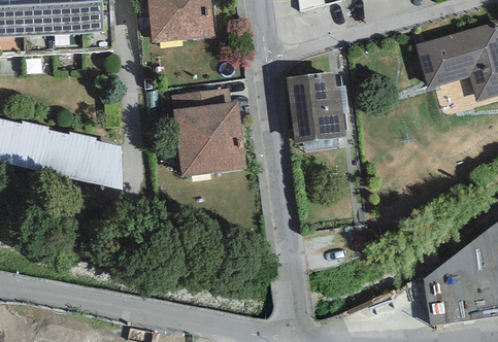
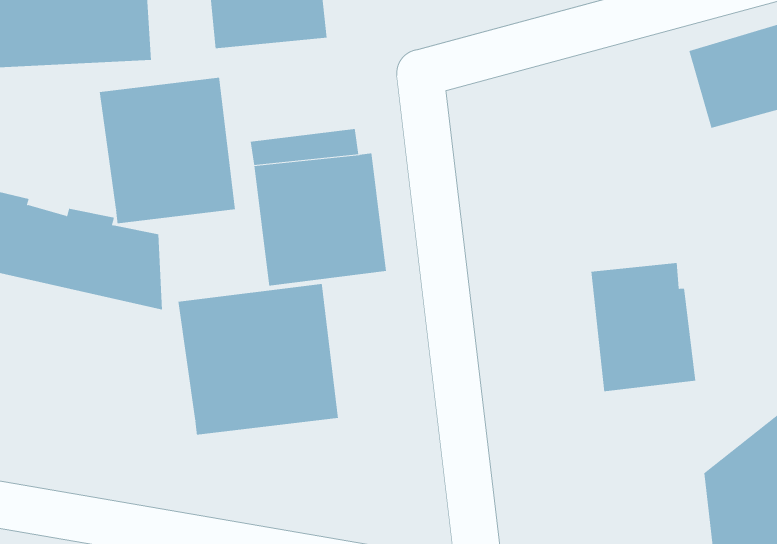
building: none -> [99,77,236,224]
building: [287,71,345,143] -> [591,262,696,392]
building: none -> [178,283,339,436]

